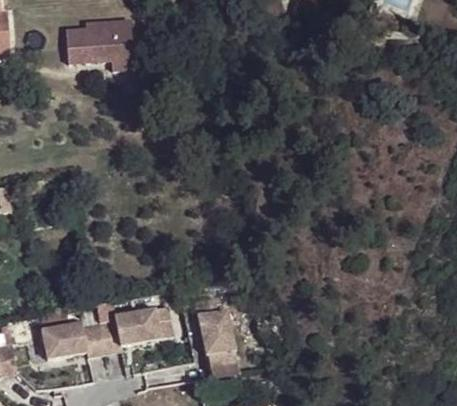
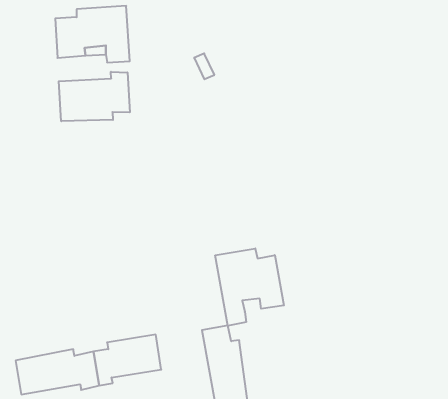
building: none -> [59,72,130,121]
building: none -> [215,248,284,326]

